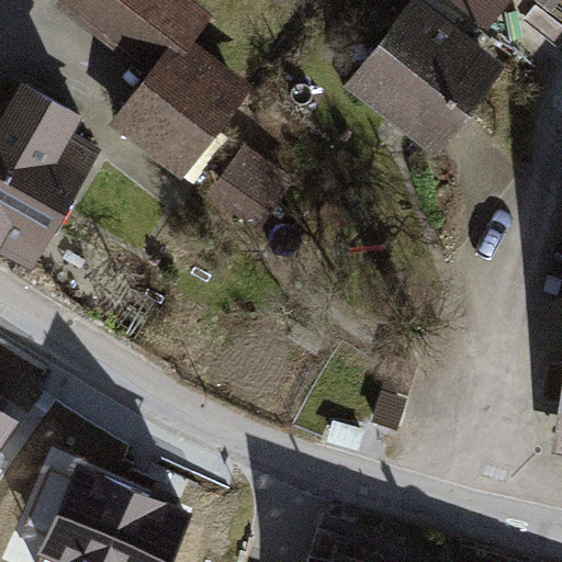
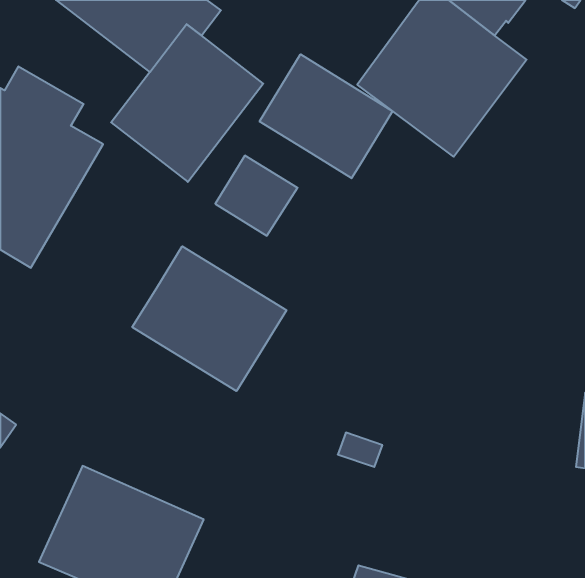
building: none -> [260,54,393,178]
building: none -> [132,246,286,391]

